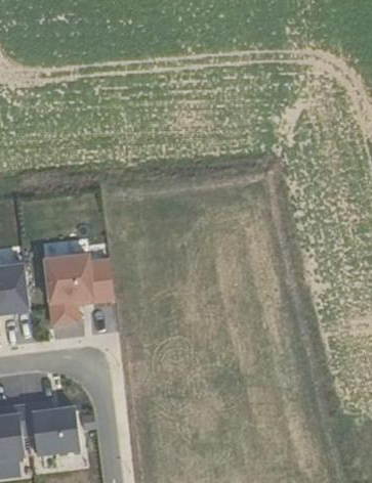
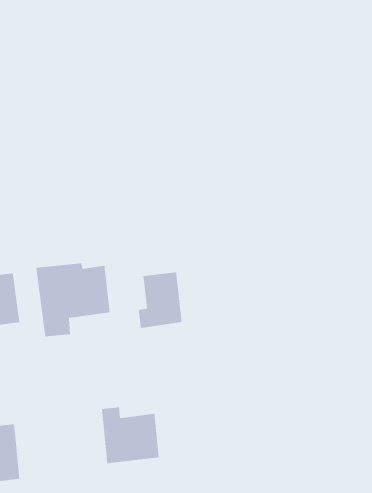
building: none -> [138,272,182,329]
building: [24,402,78,455] -> [101,407,159,464]

